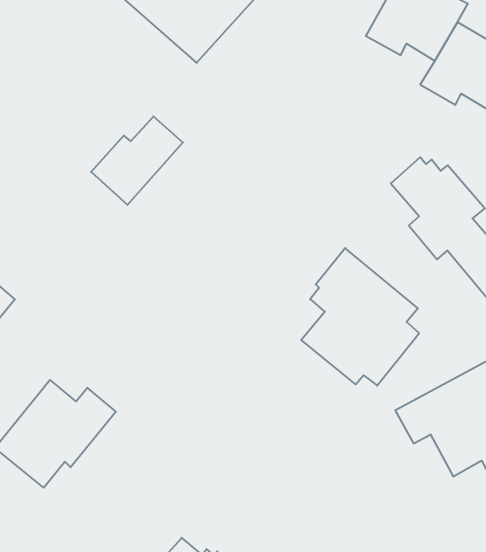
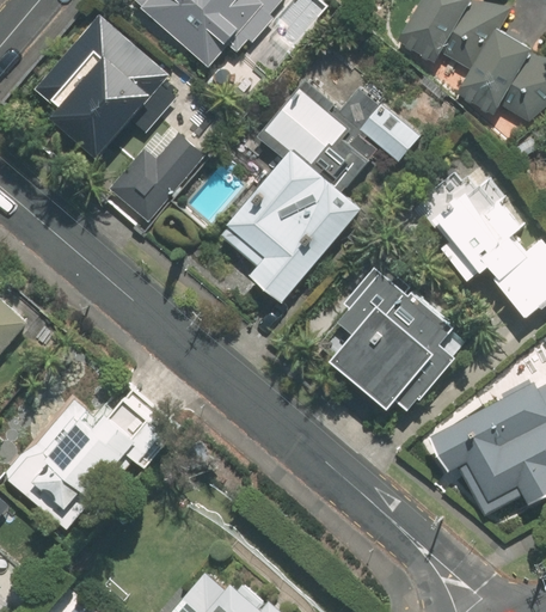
building: none -> [36,14,171,158]
building: none -> [223,78,419,301]

